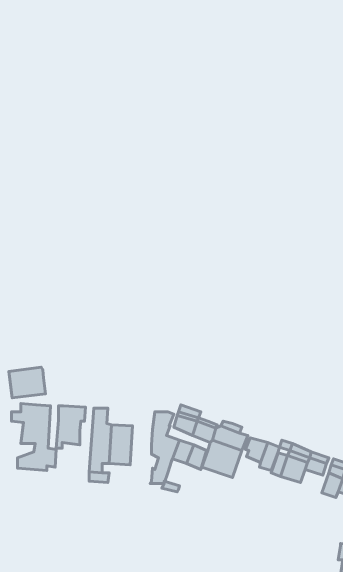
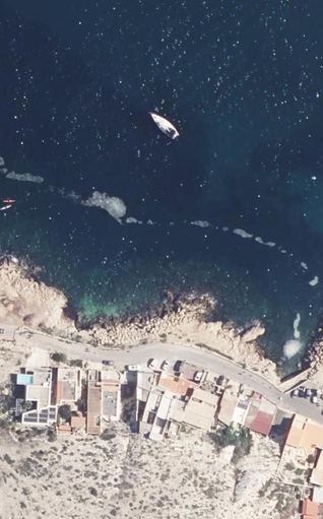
building: [9,367,46,398] -> none

